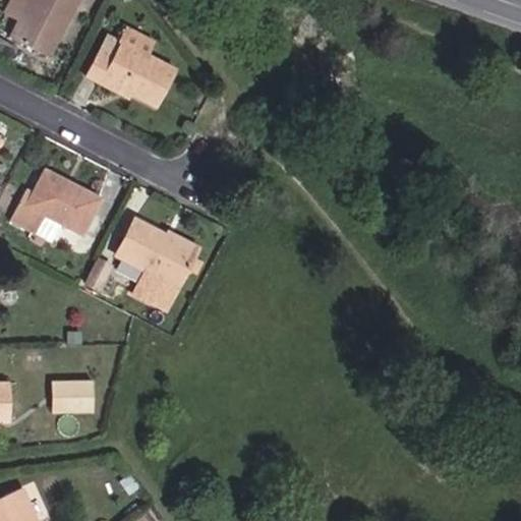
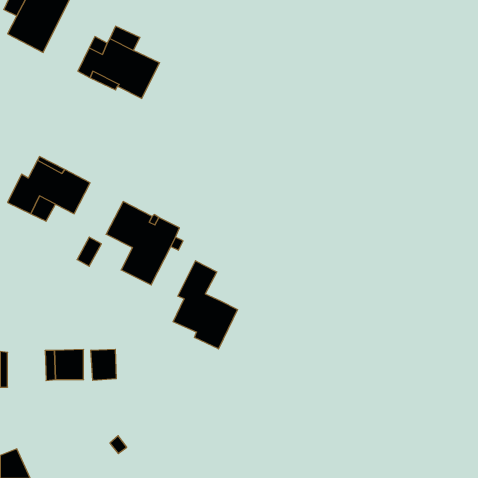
building: none -> [173,261,238,349]
building: none -> [91,349,116,380]

